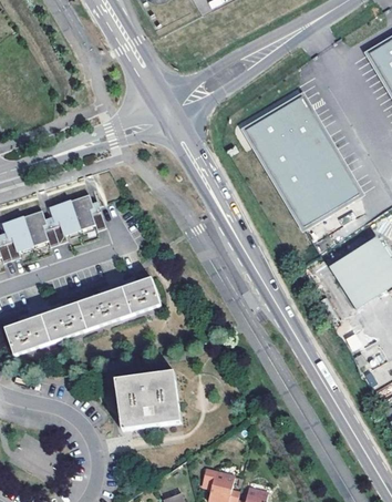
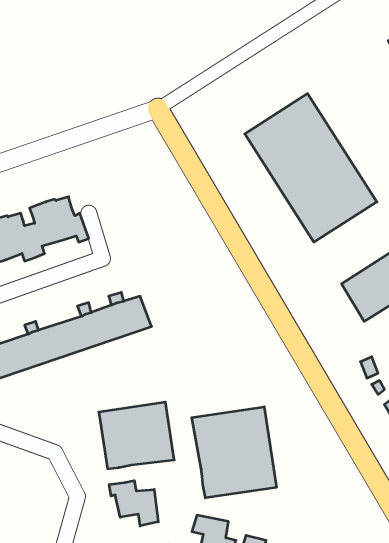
building: none -> [192,407,276,498]
building: none -> [109,481,158,526]

